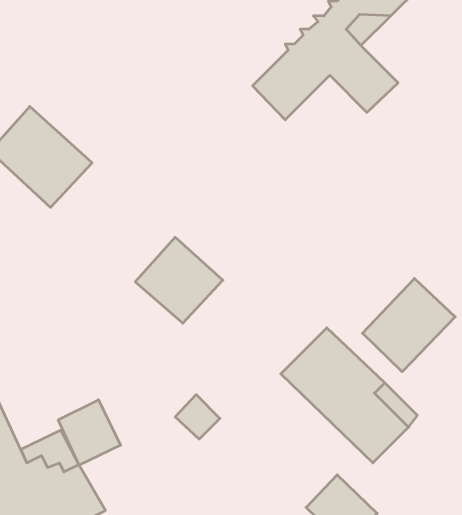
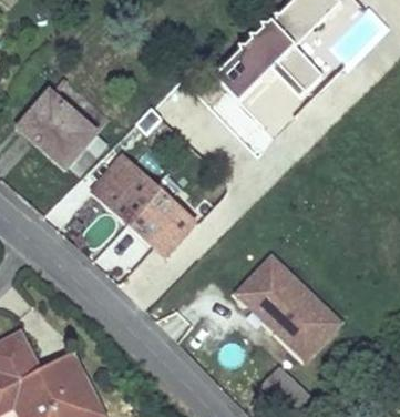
building: none -> [93,159,158,224]
building: [362,278,455,372] -> none
building: [58,400,121,465] -> none

